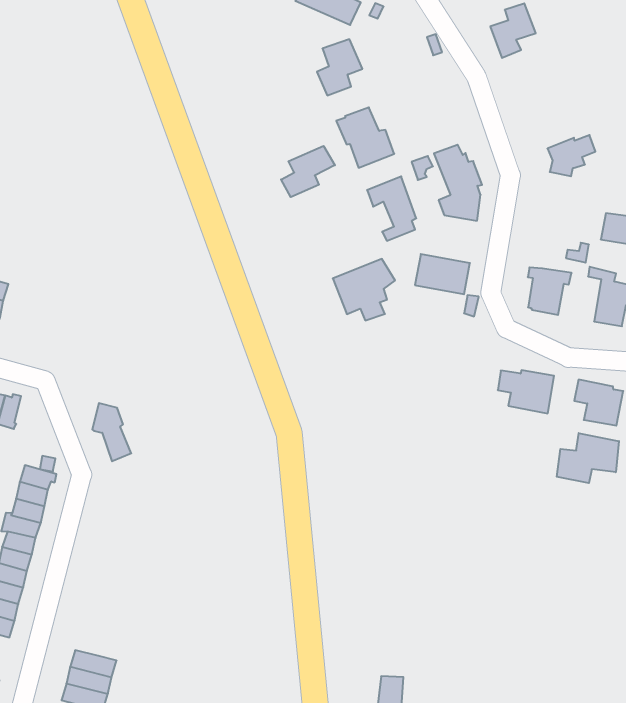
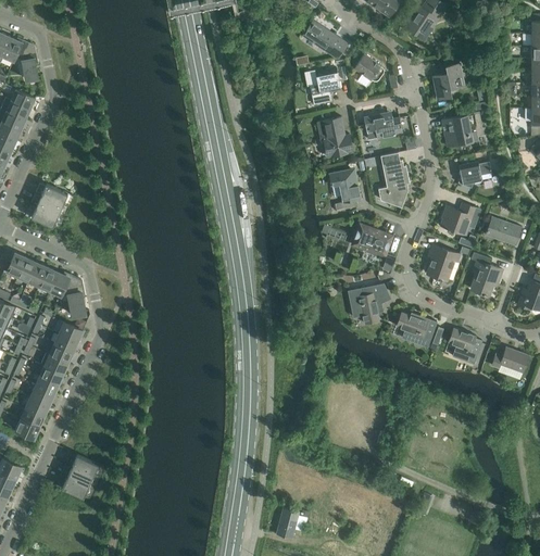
building: none -> [353,54,384,81]
building: none -> [441,112,482,147]
building: none -> [354,113,401,140]
building: [281,146,335,197] -> none
building: none -> [440,203,479,235]
building: [333,259,395,320] -> [347,283,389,324]
building: [92,403,131,461] -> [61,275,85,316]
building: [557,433,619,483] -> none

